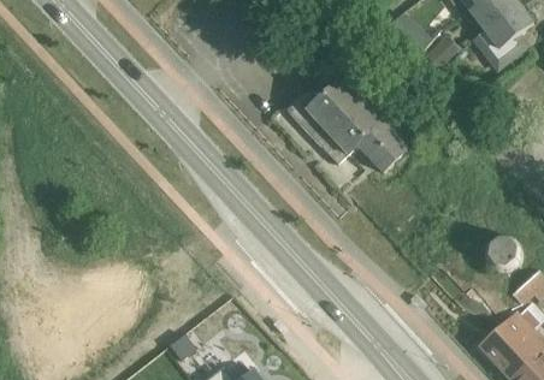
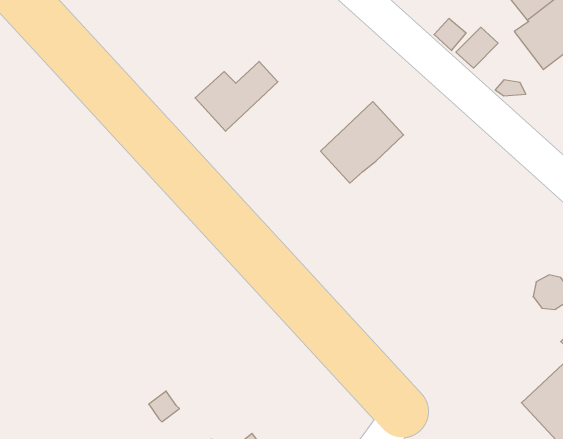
building: [288,78,356,136] -> [195,61,278,131]
building: [359,123,407,171] -> none

